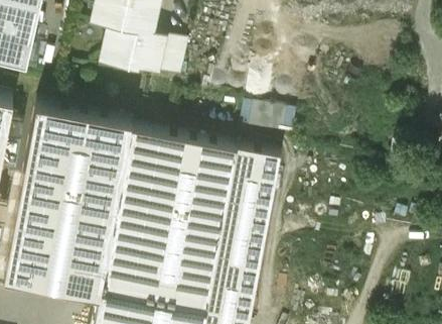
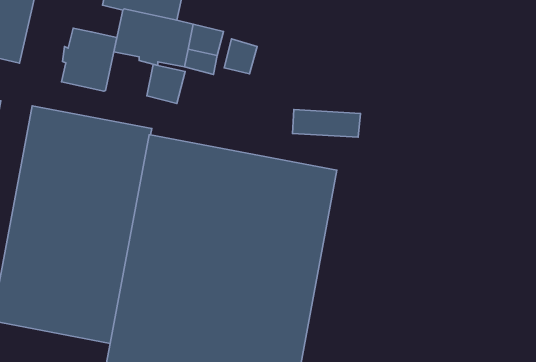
building: none -> [62,28,117,91]
building: none -> [224,39,257,74]
building: none -> [147,65,185,104]

